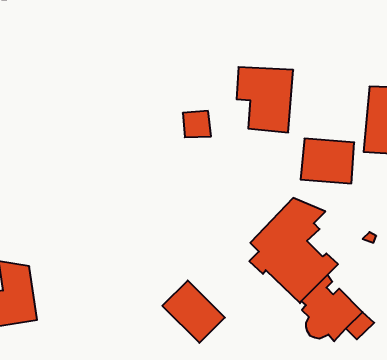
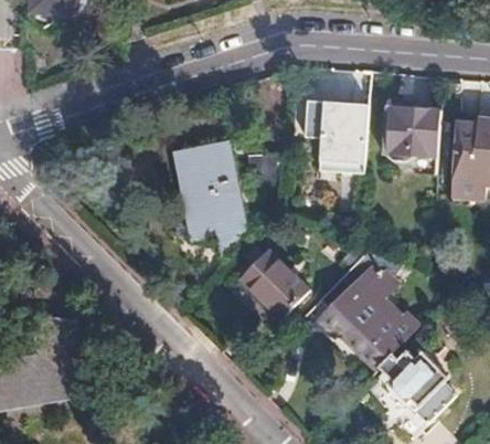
building: none -> [175,141,245,252]
building: [301,139,354,183] -> [382,107,443,158]
building: [162,280,225,343] -> [242,252,312,323]

